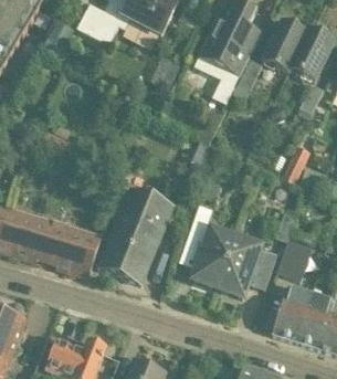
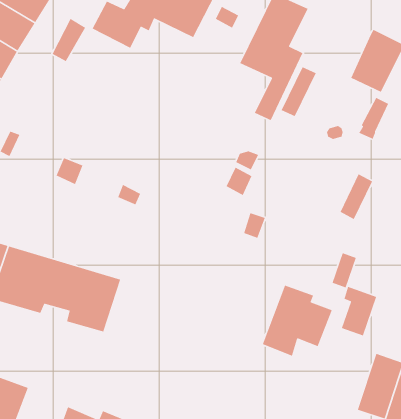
building: [262,18,307,71] -> none
building: [97,187,173,283] -> none
building: [180,203,236,286] -> none
building: [273,286,312,340] -> none

